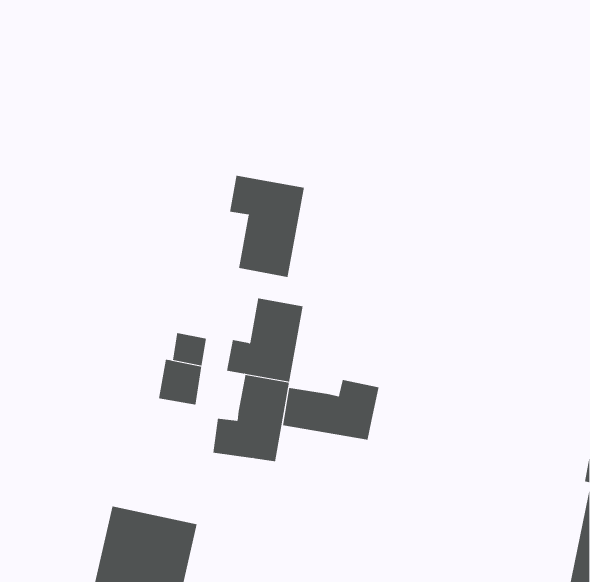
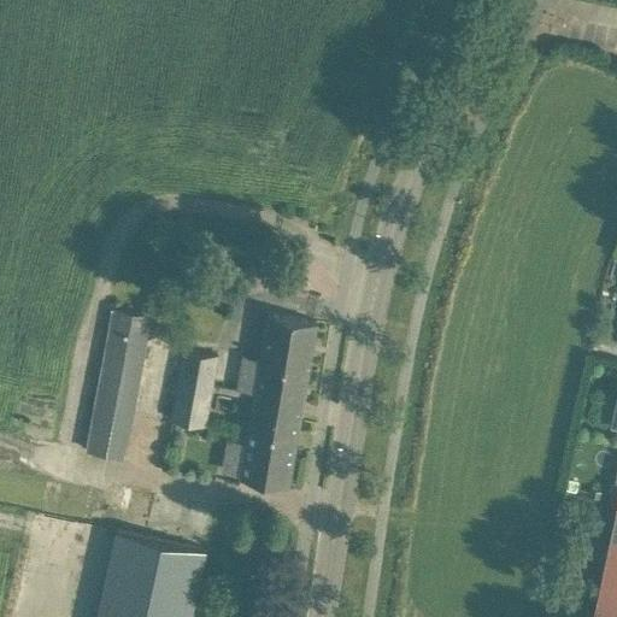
building: [230,175,304,278] -> none
building: none -> [88,315,151,464]
building: [283,379,379,441] -> none

